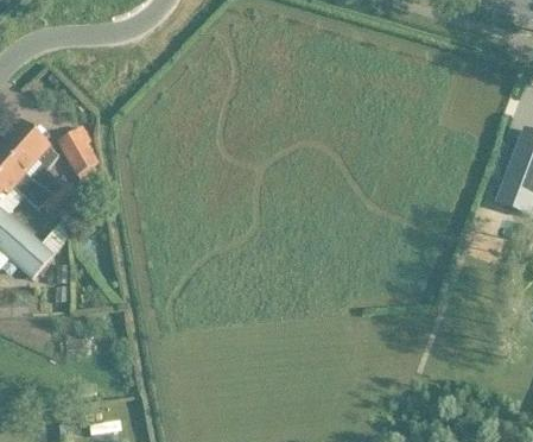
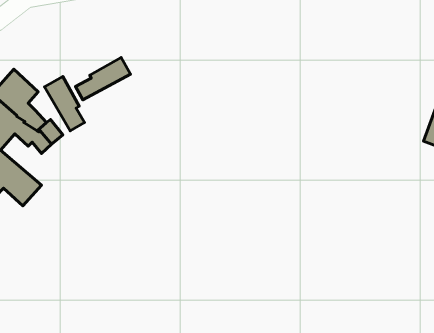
building: none -> [76,57,131,100]

